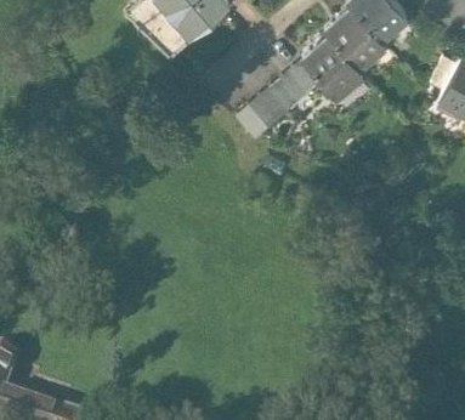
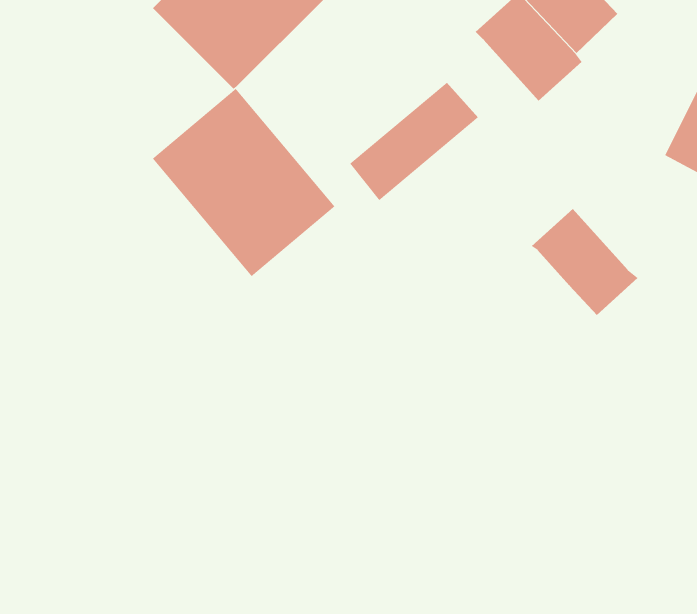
building: [304,29,369,95] -> [531,208,639,316]
building: none -> [152,88,335,277]

